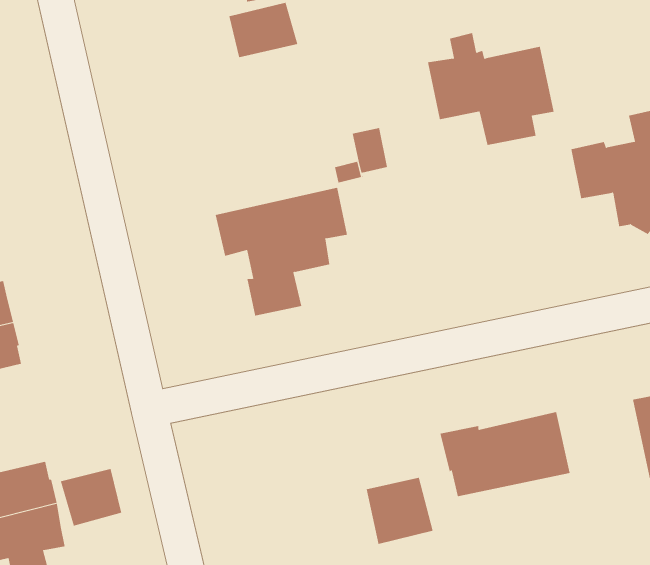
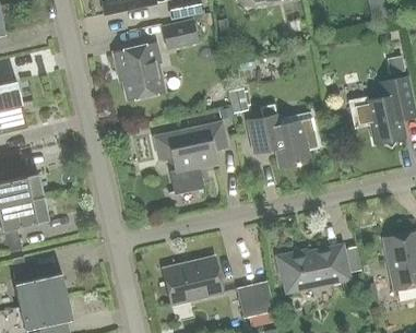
building: [427,32,554,146] -> [249,104,319,166]
building: none -> [114,44,163,98]
building: none -> [164,257,222,304]
building: [60,468,122,526] -> none

